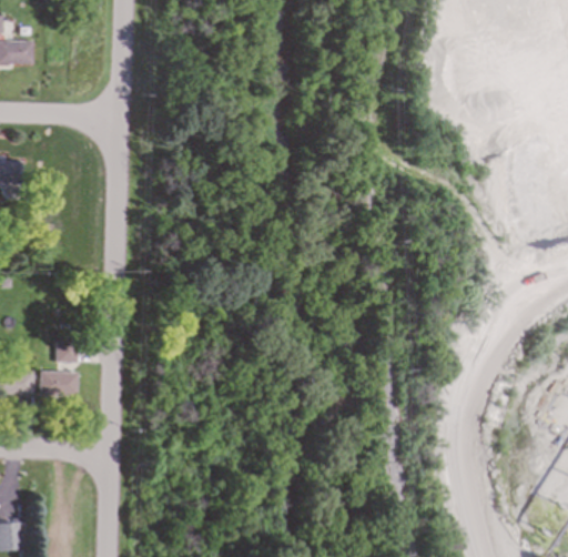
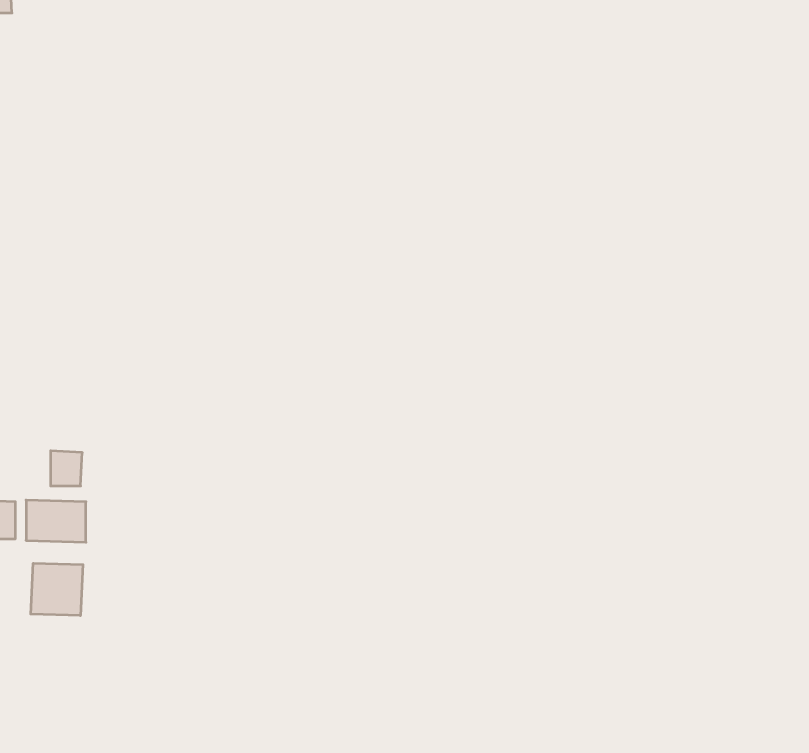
building: none -> [31,563,83,616]

